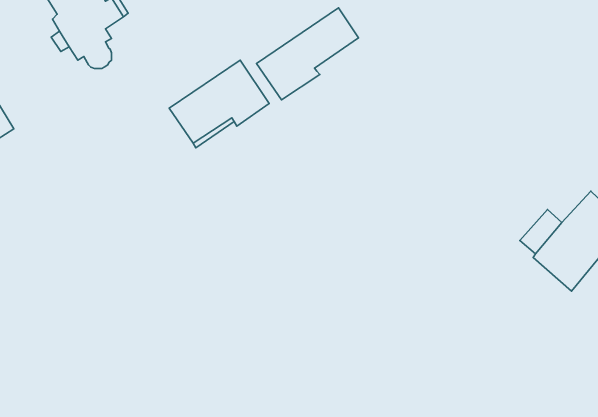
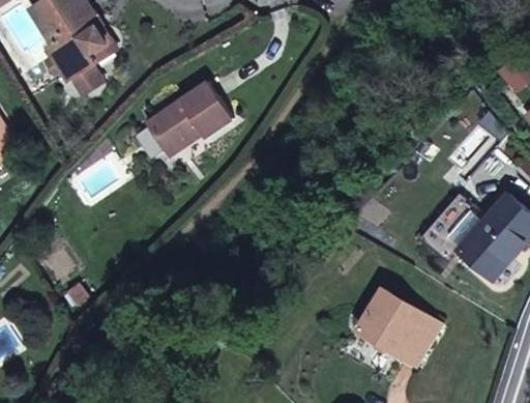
building: [256,8,358,100] -> none
building: none -> [357,289,440,365]

